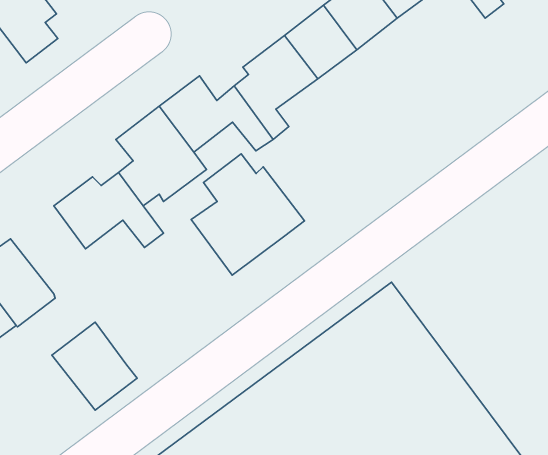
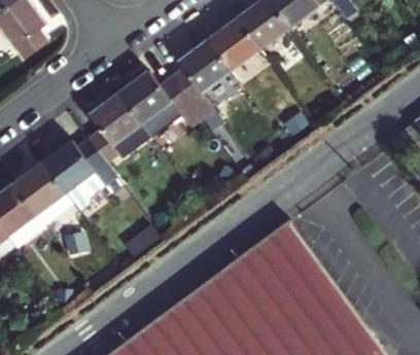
building: [191,154,305,275] -> none
building: [52,322,137,410] -> [10,164,71,226]

